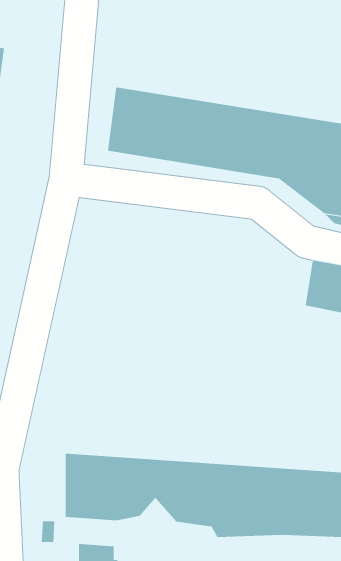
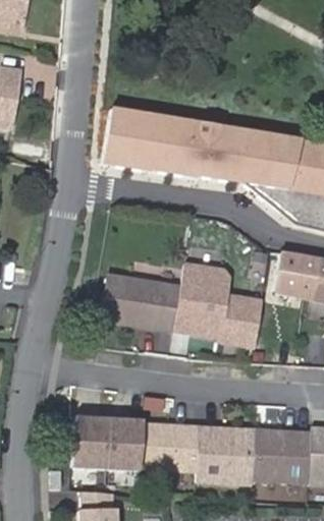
building: none -> [100,259,262,350]

